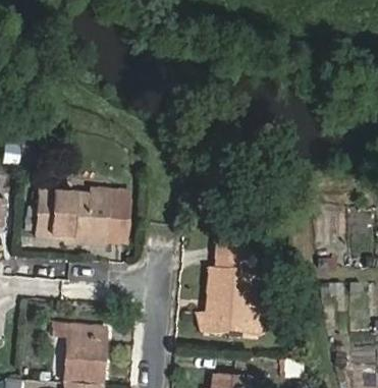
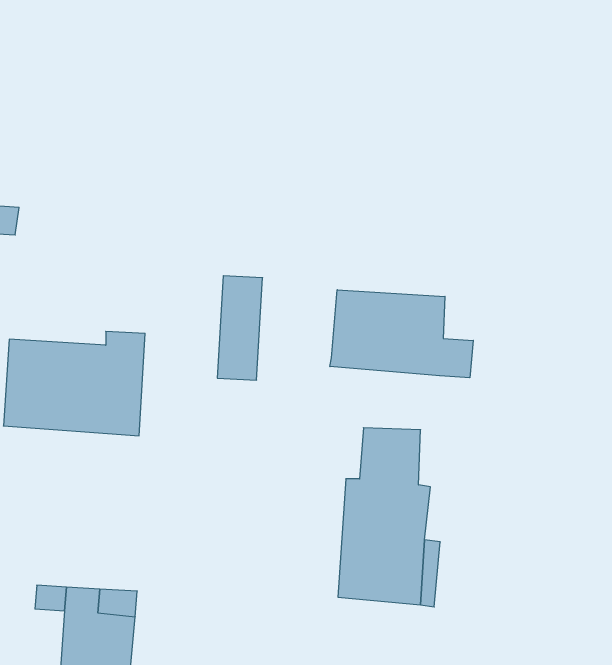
building: none -> [330,290,473,378]
building: [105,193,128,247] -> [217,276,263,380]

